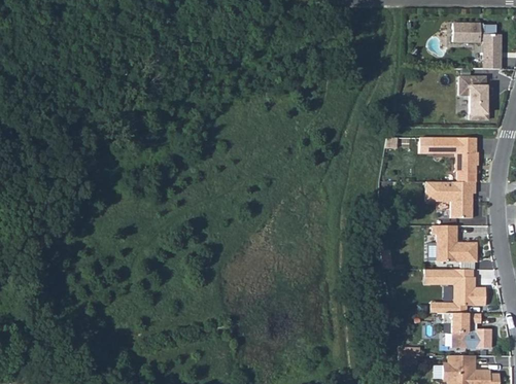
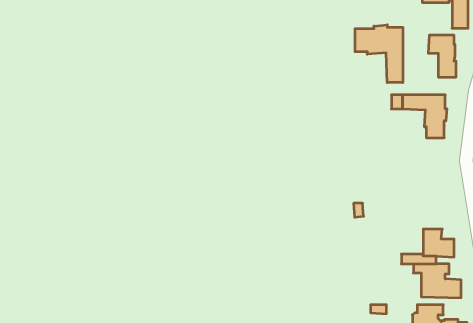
building: none -> [355,25,403,83]
building: [426,181,476,218] -> none
building: [433,225,478,261] -> none
building: [424,269,454,284] -> none

